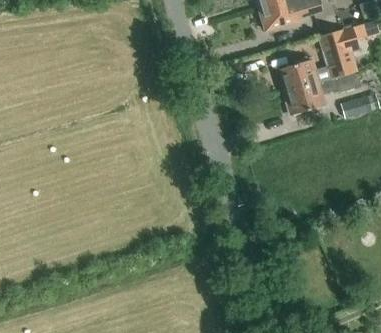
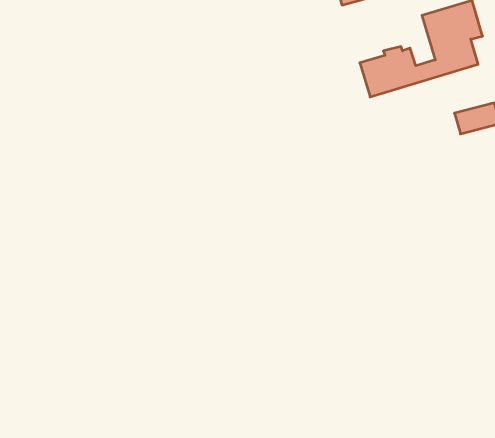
building: [283,68,361,113] -> none

